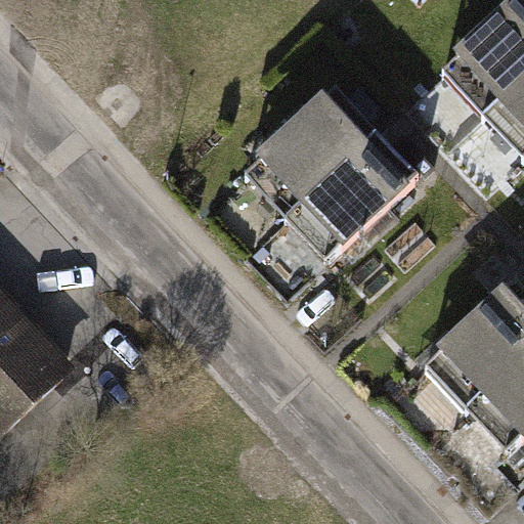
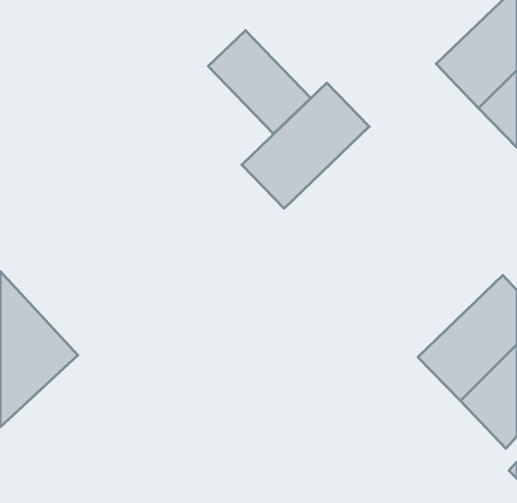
building: none -> [208,30,311,134]
building: [288,128,420,259] -> none

